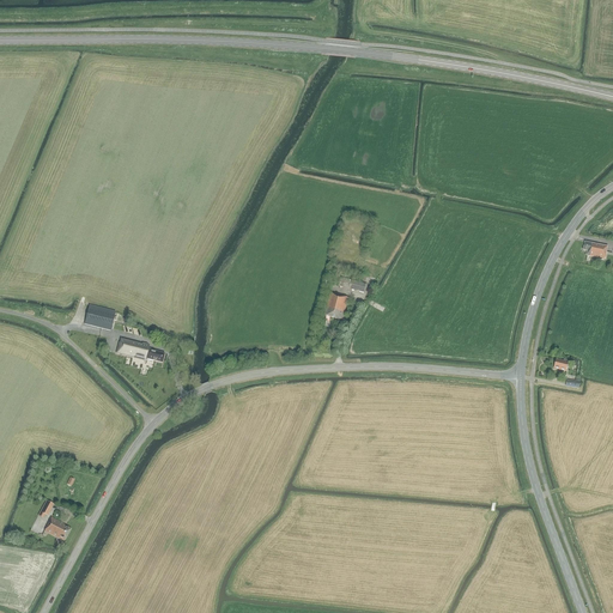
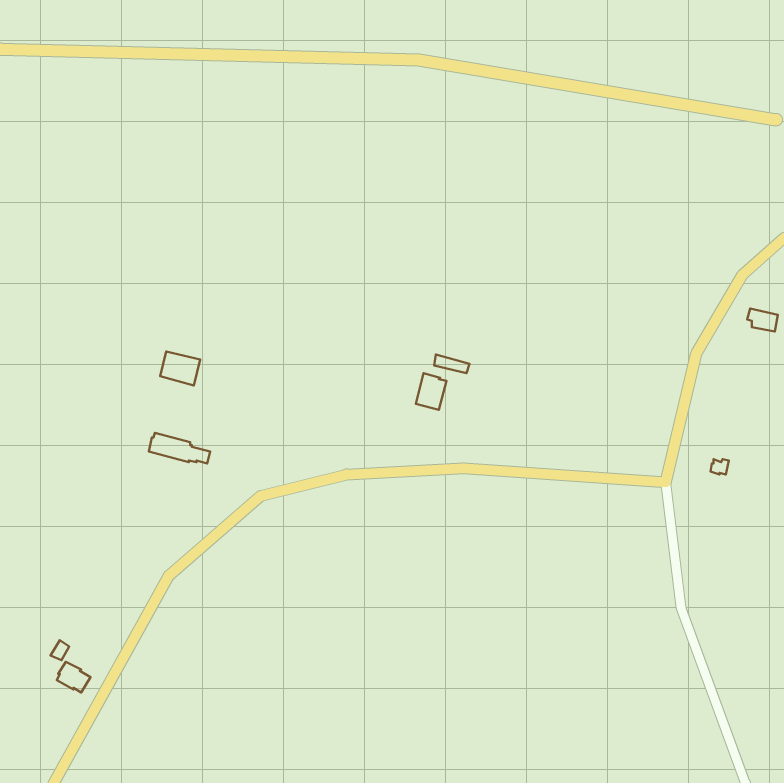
building: [84,304,115,330] -> [160,352,200,385]

